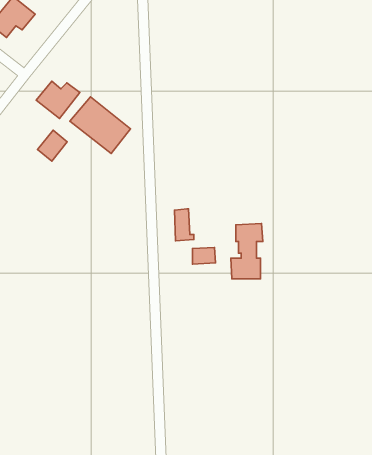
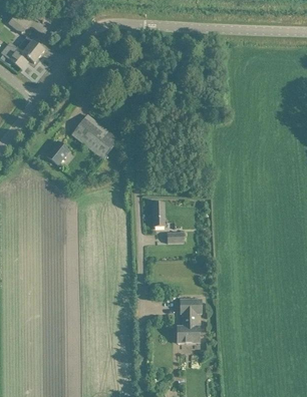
building: [36,81,80,119] -> none
building: [231,223,263,279] -> [176,299,201,342]

